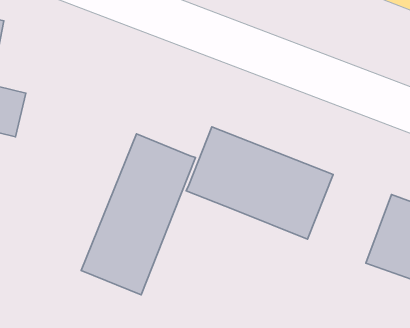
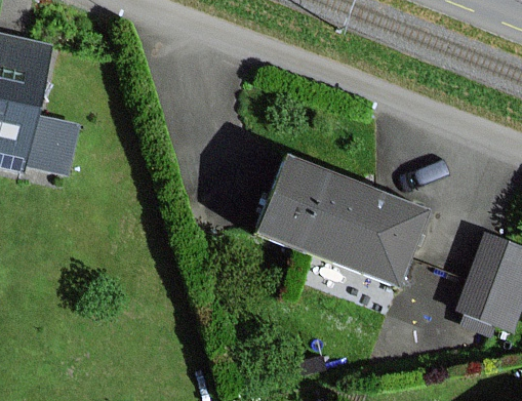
building: [81,134,196,295] -> none

